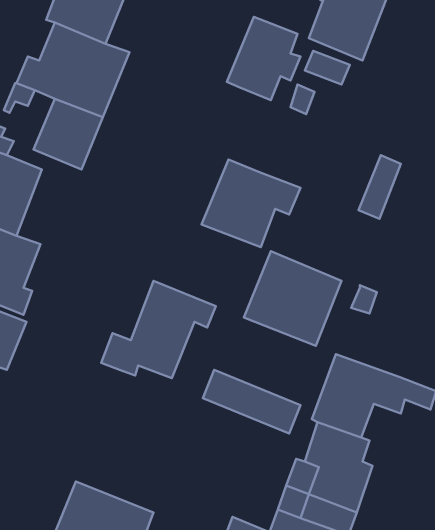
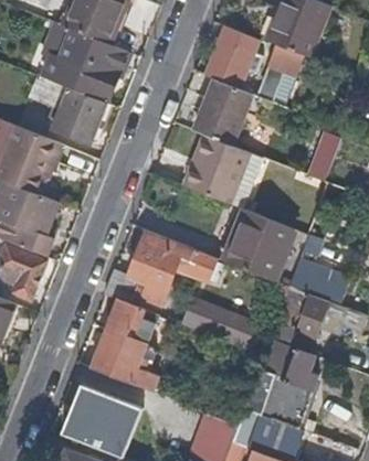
building: none -> [193,79,250,146]
building: none -> [288,260,348,305]
building: none -> [92,300,156,392]

